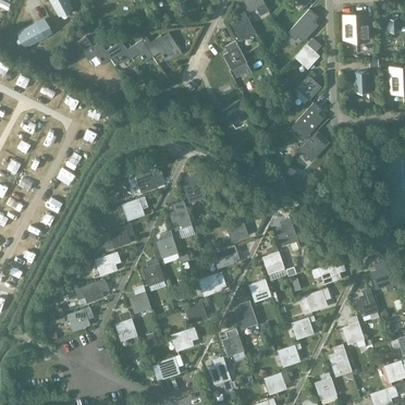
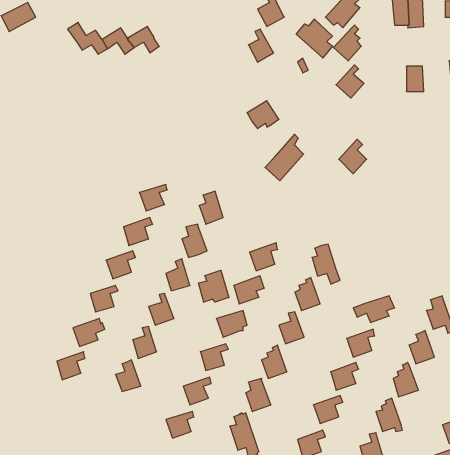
building: [143,34,175,60] -> none
building: none -> [296,19,333,58]
building: [290,102,321,140] -> [265,134,304,181]
building: none -> [199,270,229,302]

